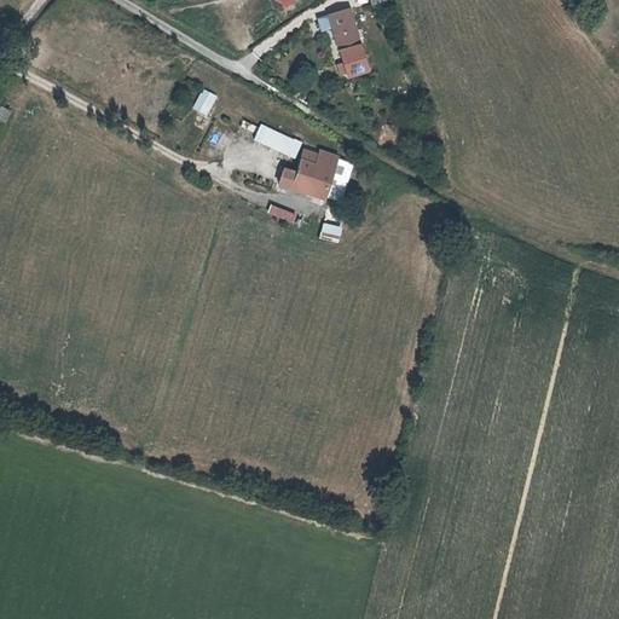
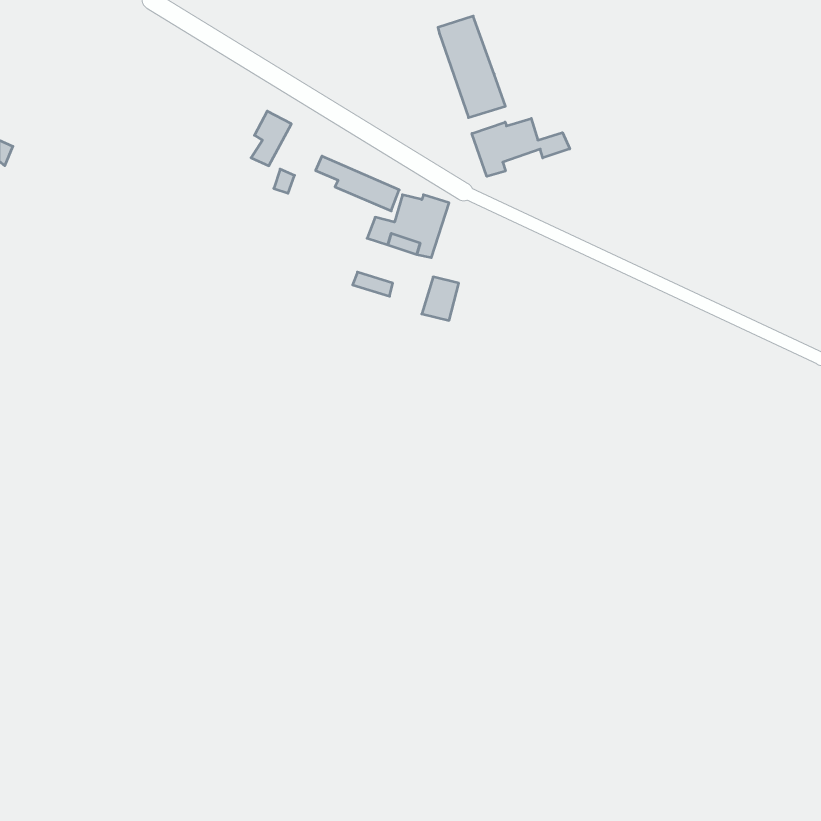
building: none -> [472,118,570,176]

